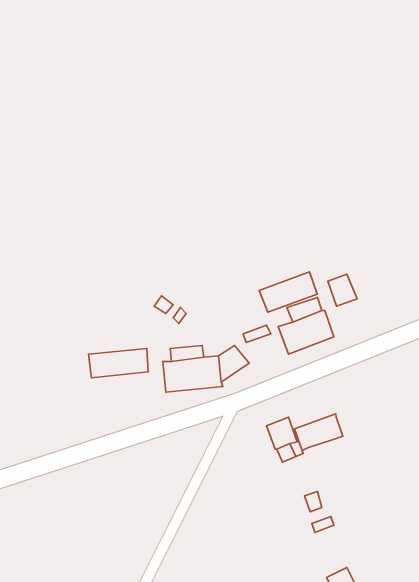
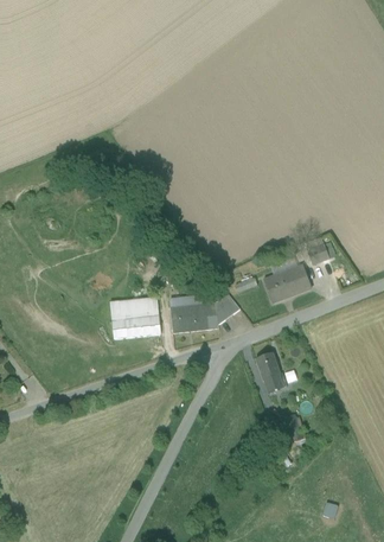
building: [259,272,317,312] -> none
building: none -> [113,315,161,338]
building: [294,414,343,450] -> none

